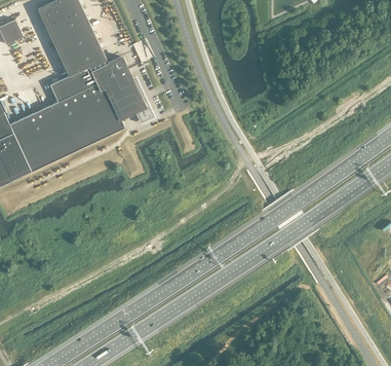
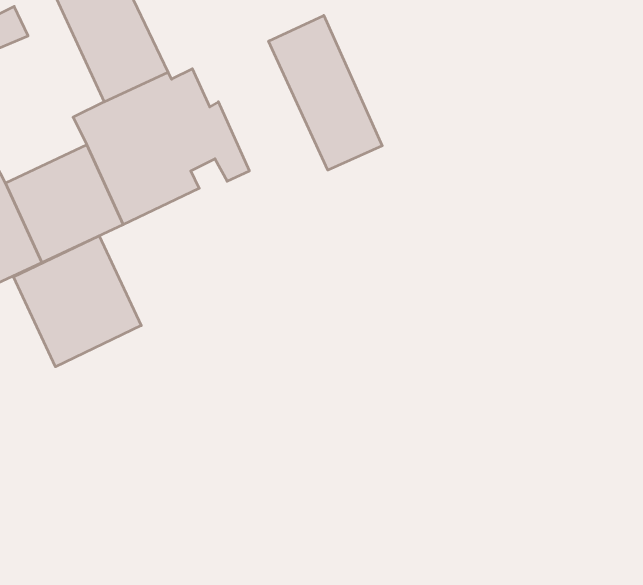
building: none -> [269,15,382,170]
building: none -> [13,236,141,367]

